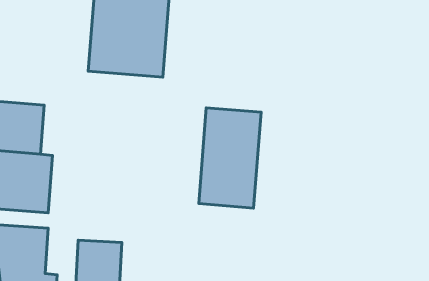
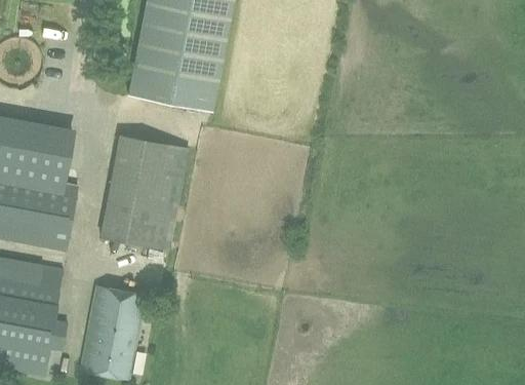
building: none -> [99,136,188,251]
building: [199,108,261,208] -> none

